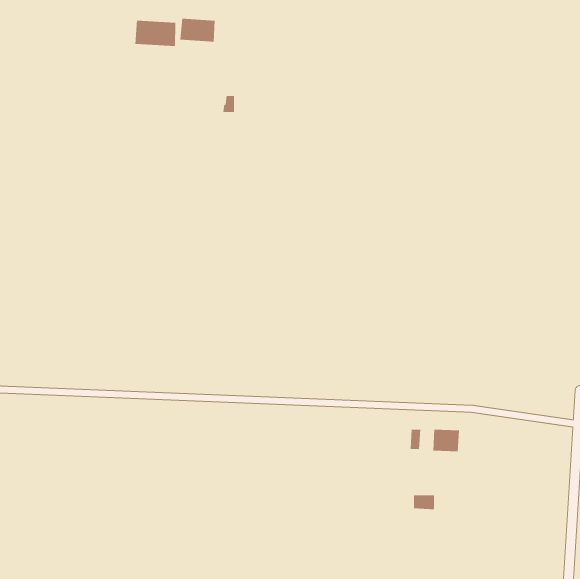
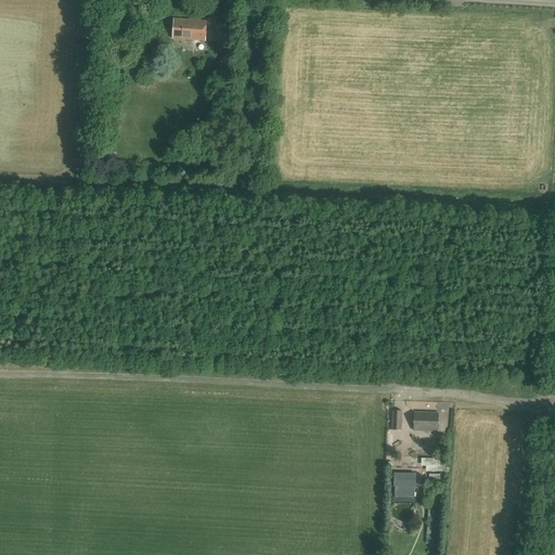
building: [135,20,176,47] -> none

